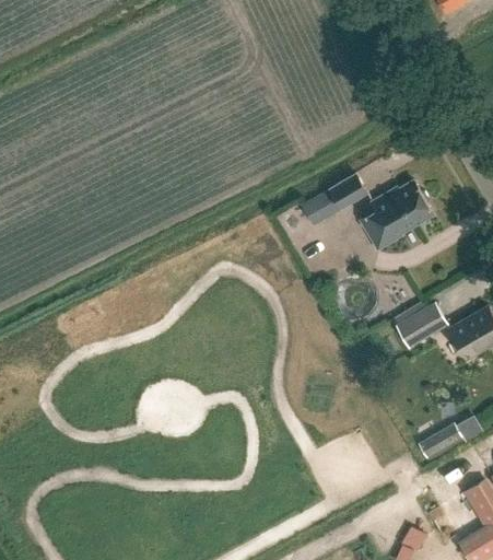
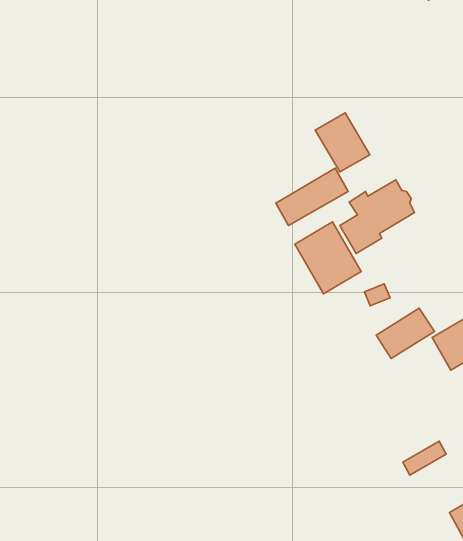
building: none -> [315,113,370,172]
building: none -> [295,222,361,294]

